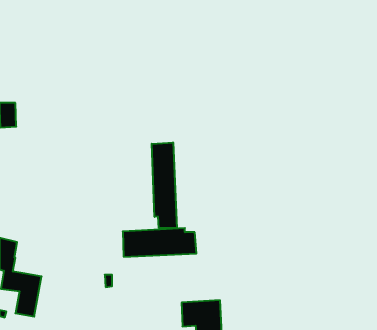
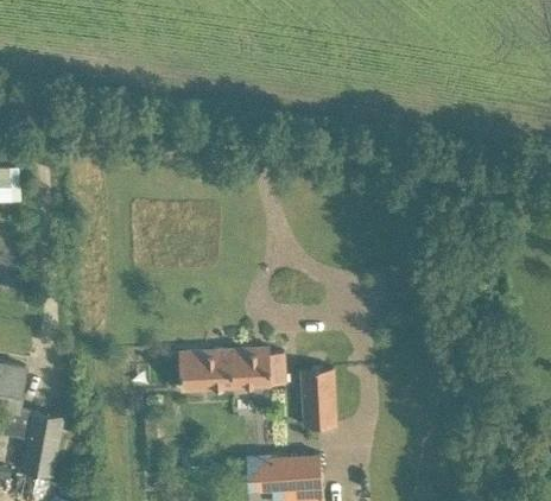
building: [152,142,177,228] -> none
building: none -> [300,369,335,427]

